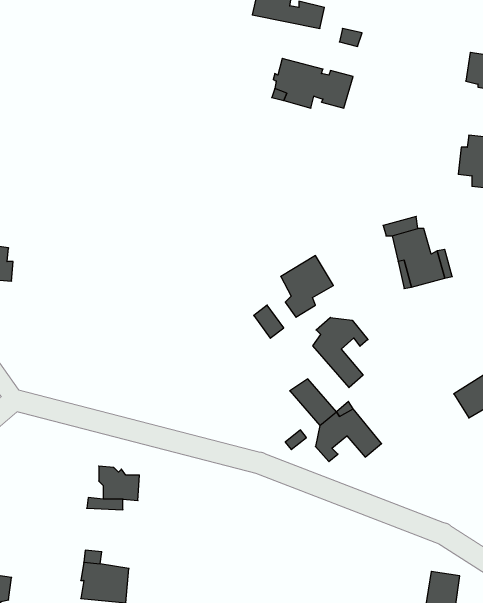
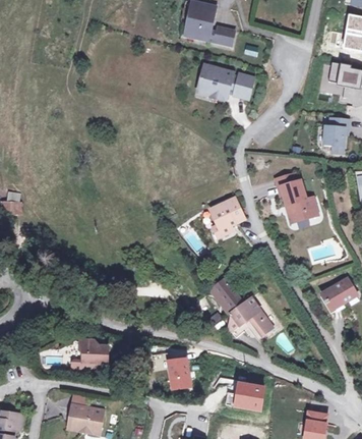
building: [313,317,368,388] -> none
building: none -> [168,360,188,388]
building: none -> [224,384,262,410]

